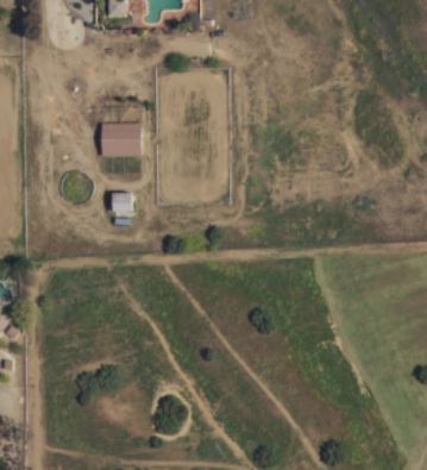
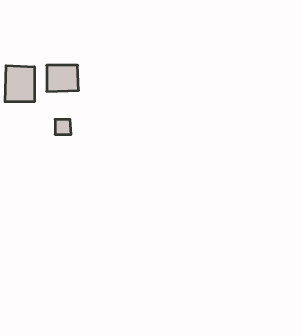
building: none -> [5,66,34,102]

